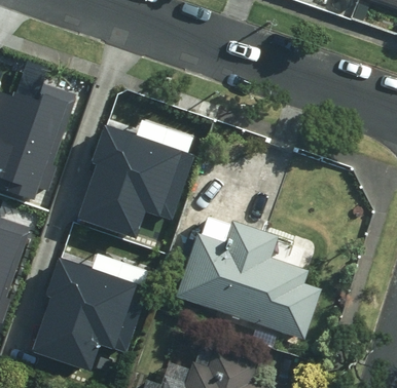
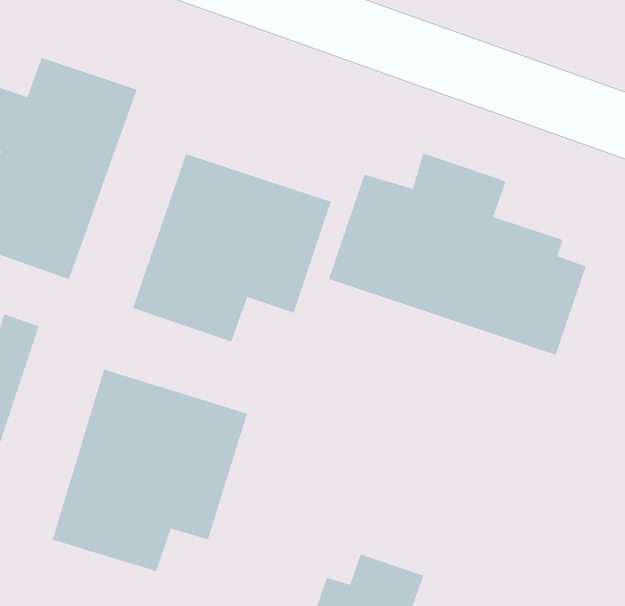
building: [171,225,320,342] -> [328,153,587,356]

